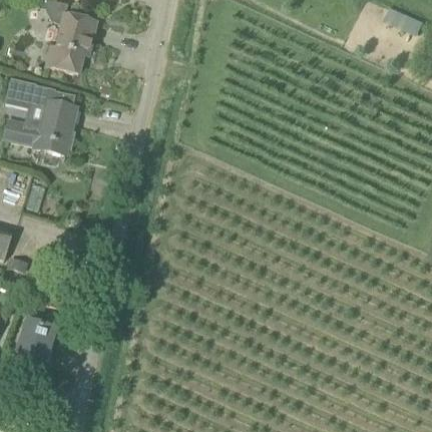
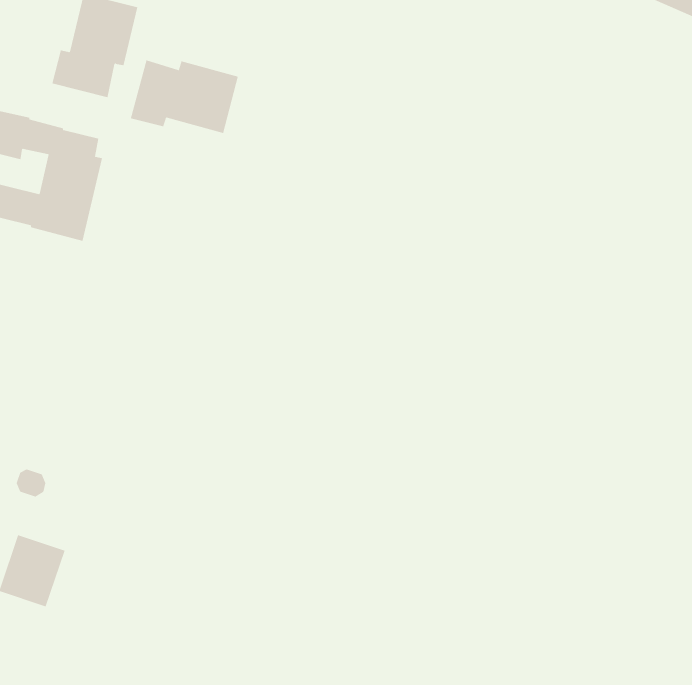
building: none -> [130,60,238,134]

